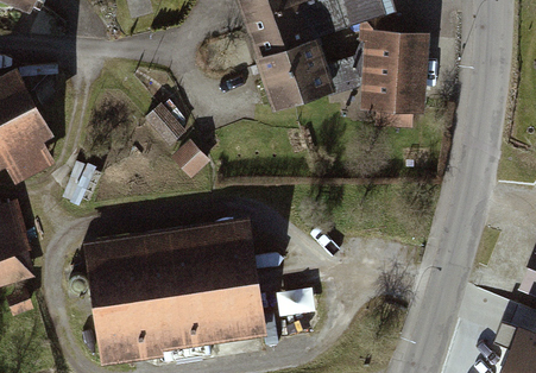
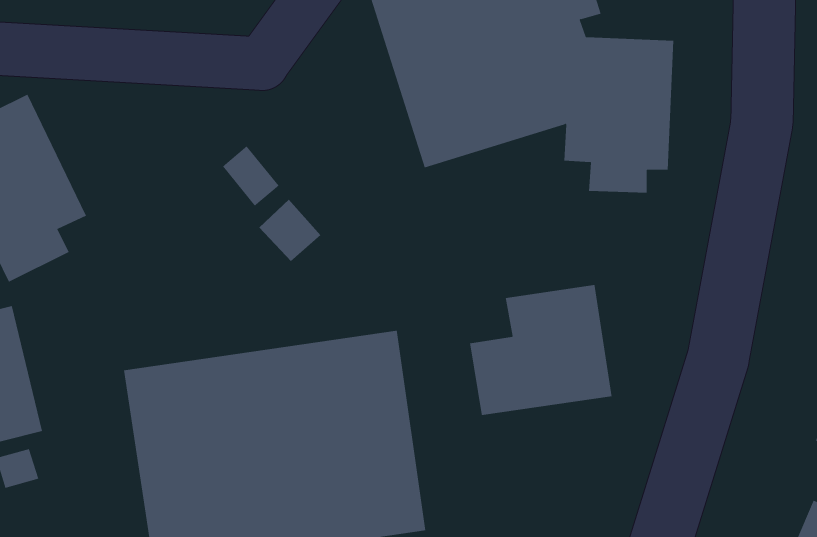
building: none -> [470,284,612,416]

